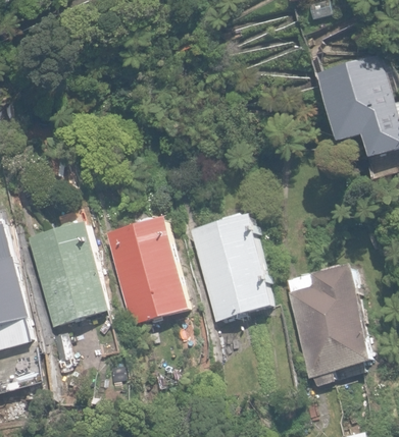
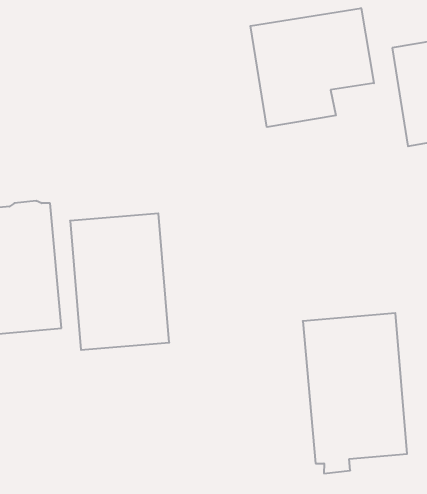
building: none -> [250,8,374,127]
building: [190,214,273,320] -> none

